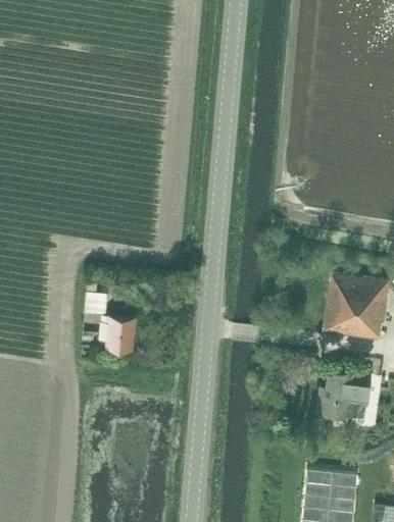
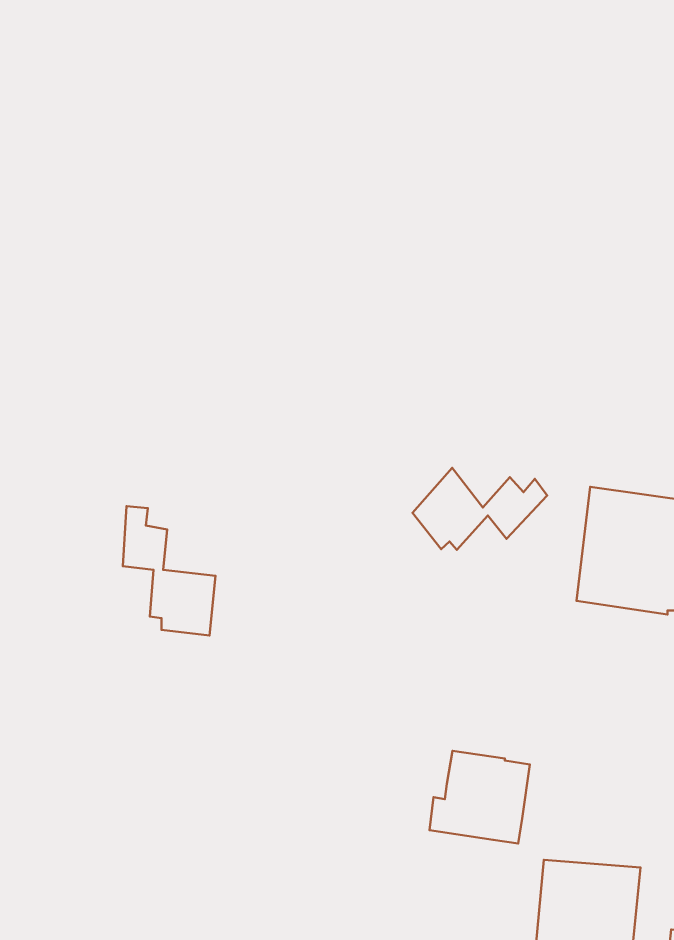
building: none -> [412,468,547,550]
building: [315,371,368,420] -> [429,751,530,844]

